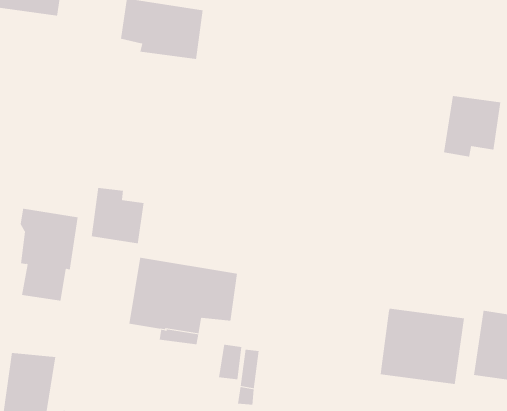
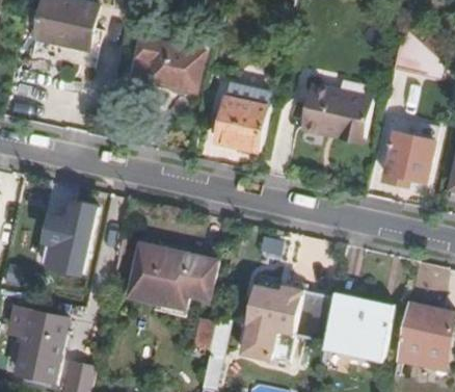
building: none -> [301,84,372,143]
building: none -> [215,81,271,151]
building: [91,187,144,244] -> none
building: none -> [242,276,331,363]

